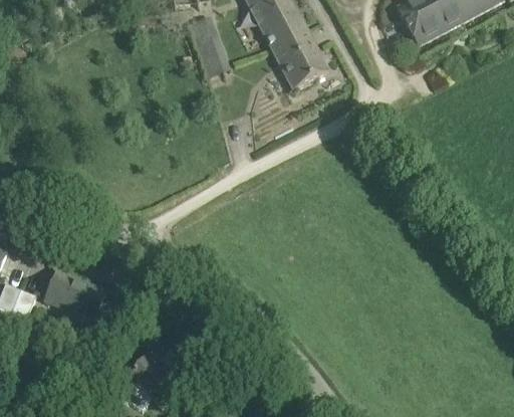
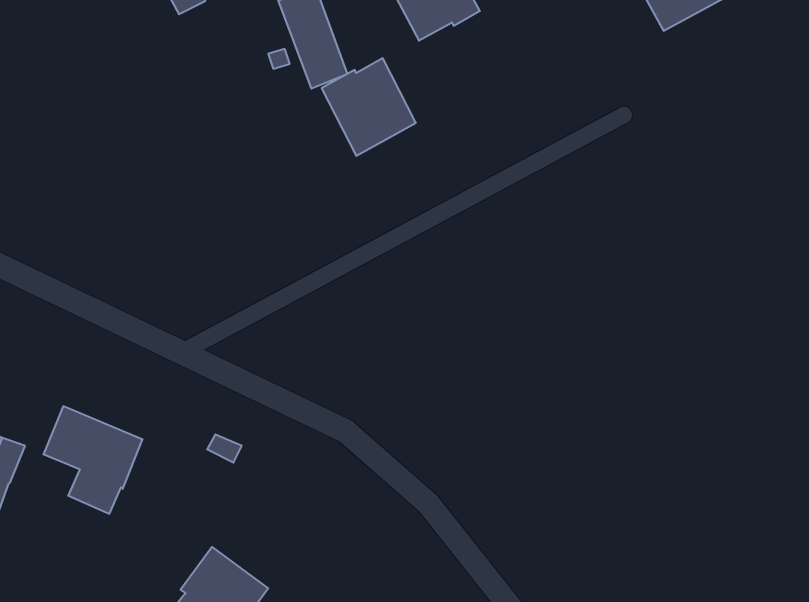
building: [271,29,328,88] -> [322,58,416,156]

